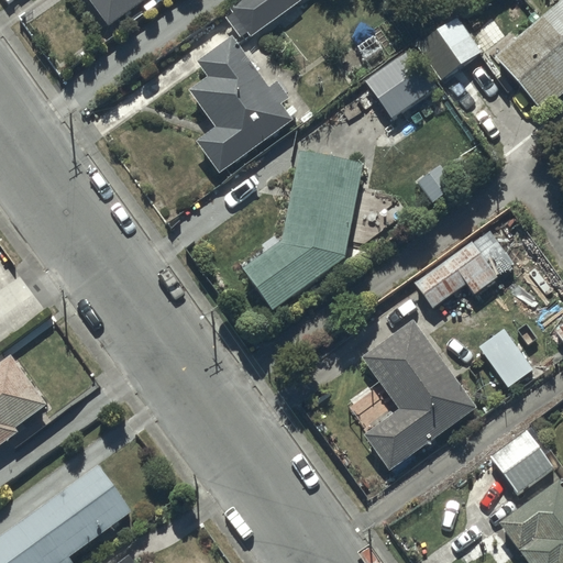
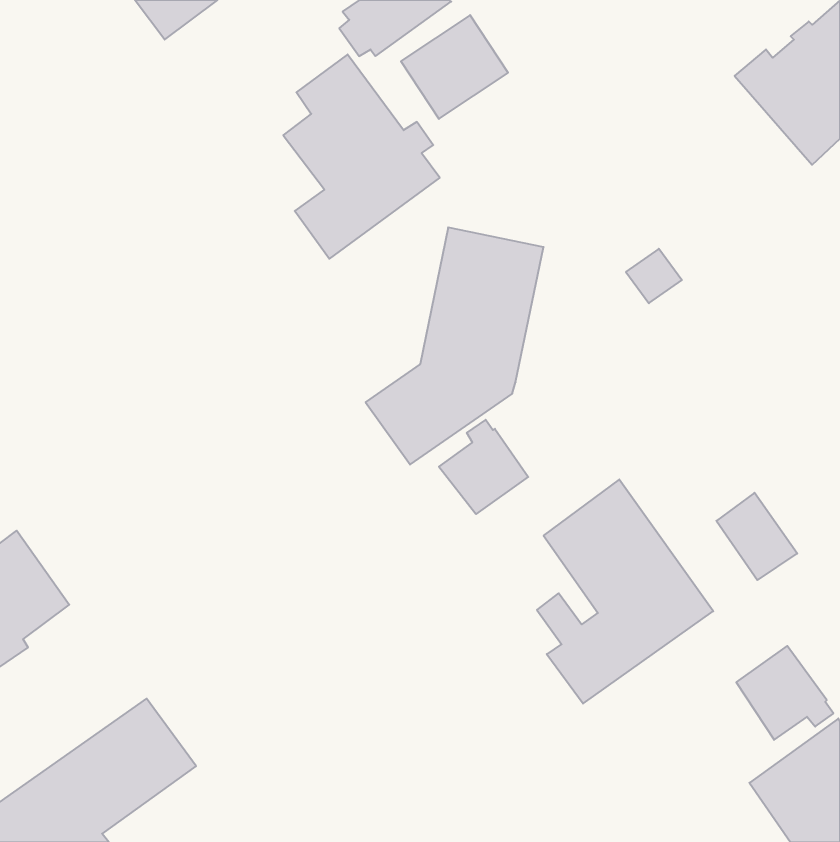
building: [418,18,481,78] -> none
building: [365,48,437,118] -> [401,15,508,119]
building: [413,233,514,308] -> none
building: none -> [439,420,528,514]

